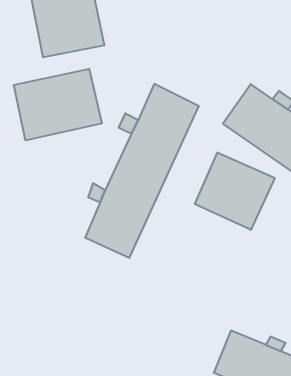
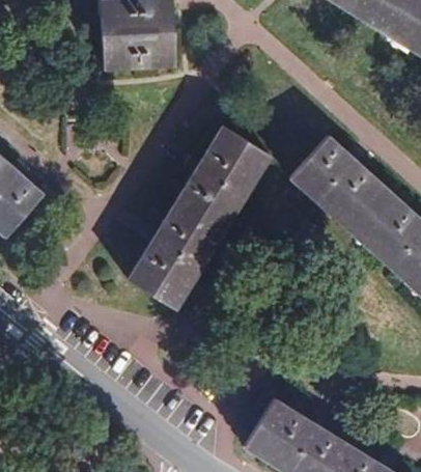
building: [14,69,102,140] -> none
building: [195,152,275,230] -> none

